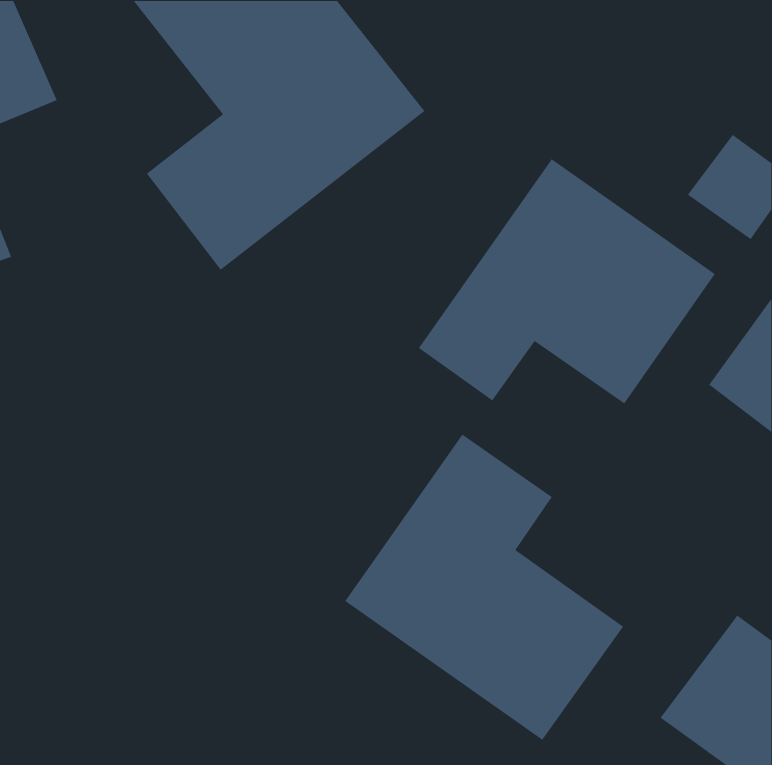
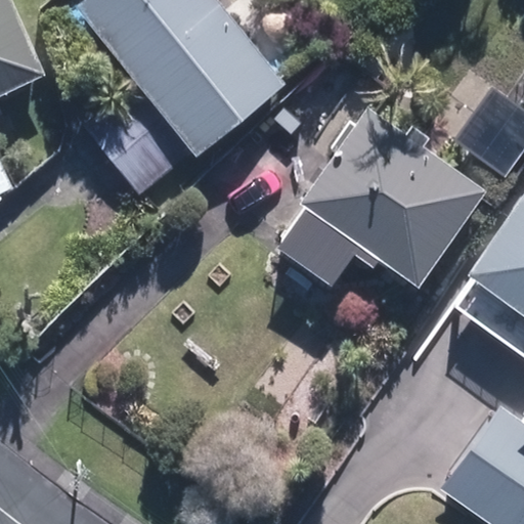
building: [344,434,624,741] -> none

